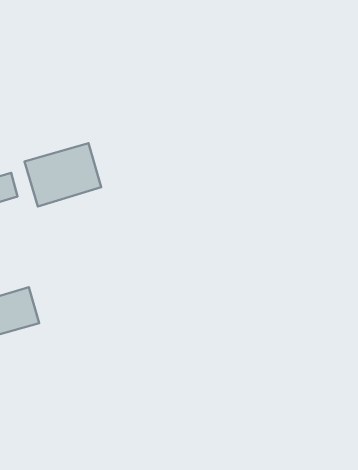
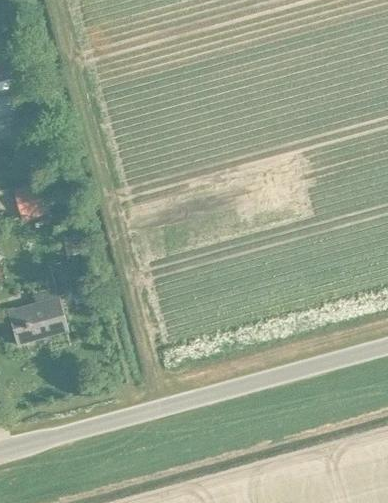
building: [24,143,101,207] -> none

